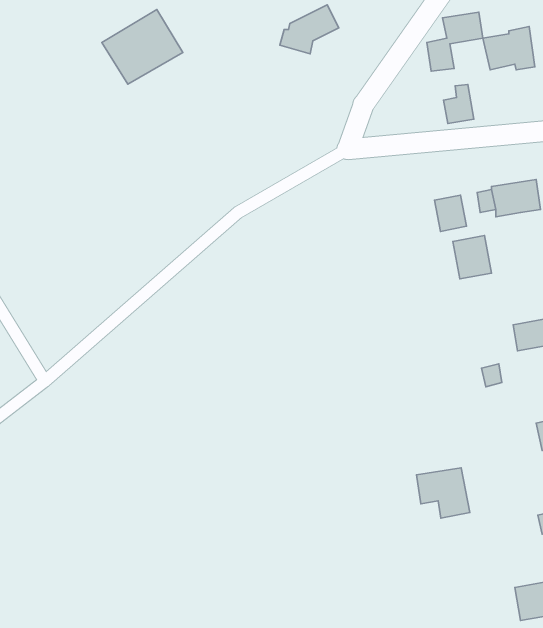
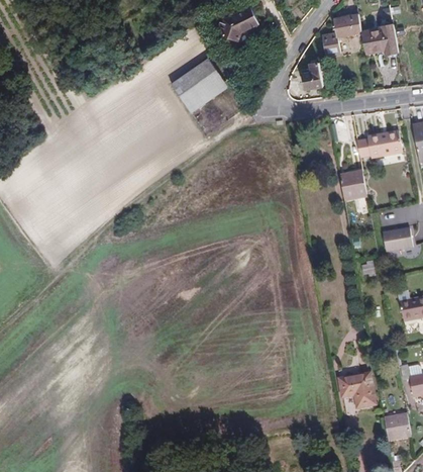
building: [102,9,183,84] -> [168,59,224,111]
building: [443,84,474,123] -> [302,63,323,90]
building: [434,195,467,231] -> none
building: [416,468,470,518] -> [338,373,376,408]

